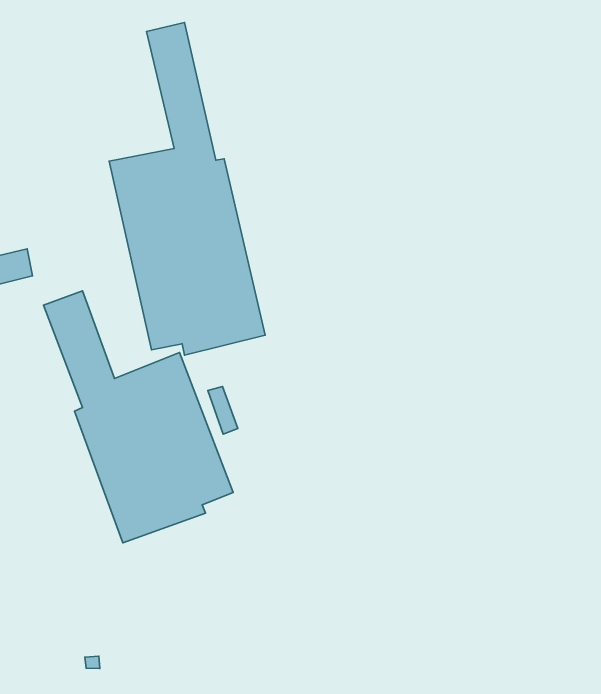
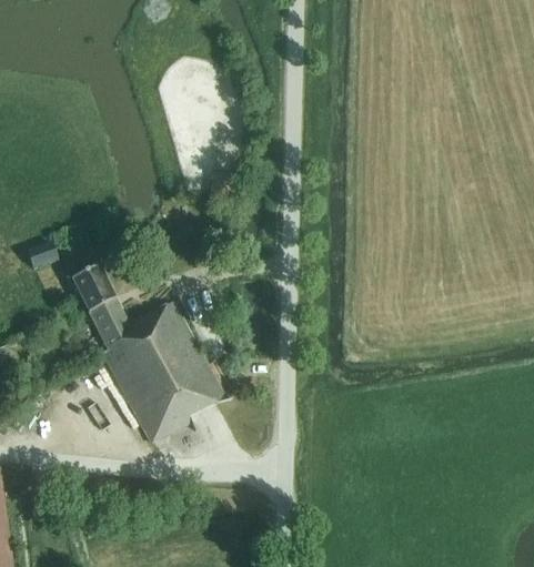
building: [109,22,265,355] -> none

